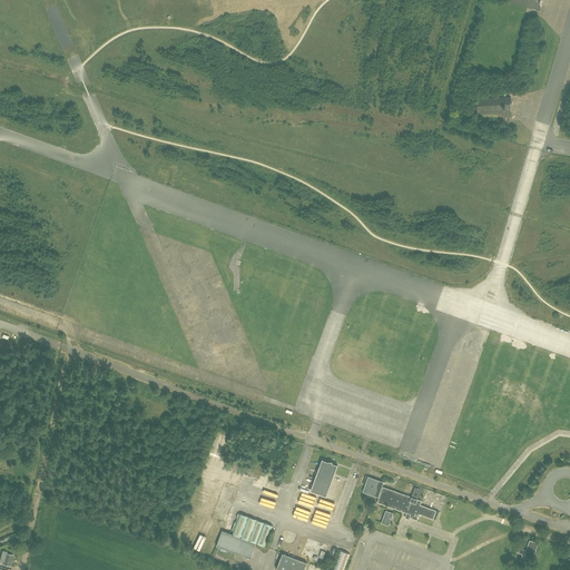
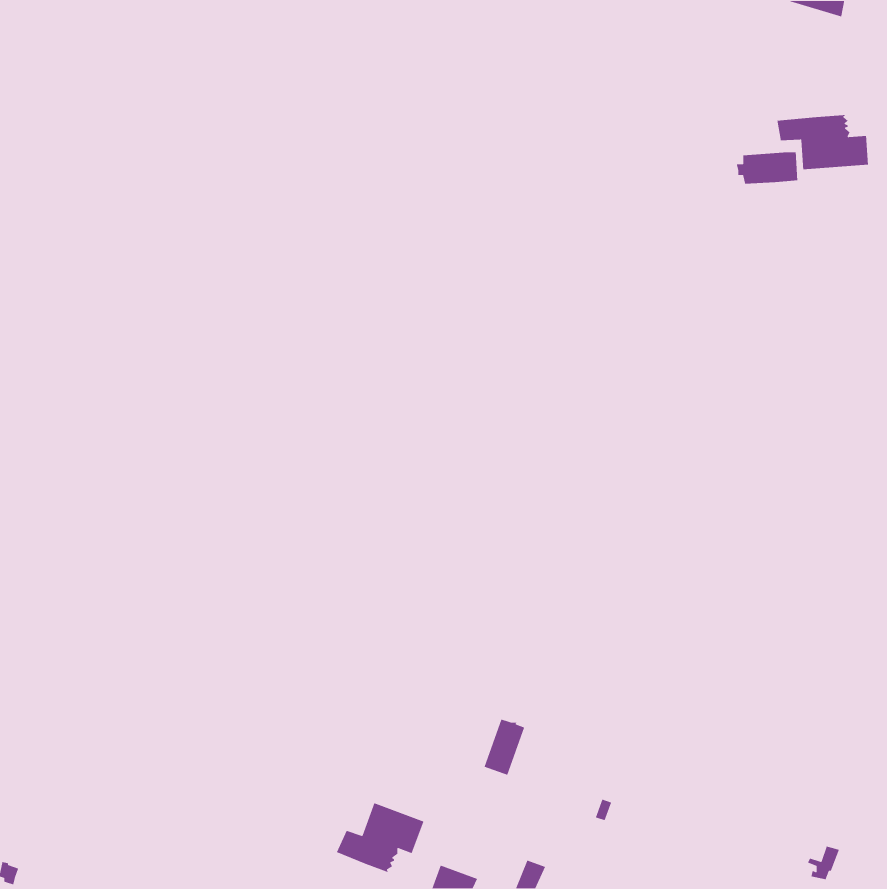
building: none -> [776,114,869,170]
building: [362,476,435,520] -> none

